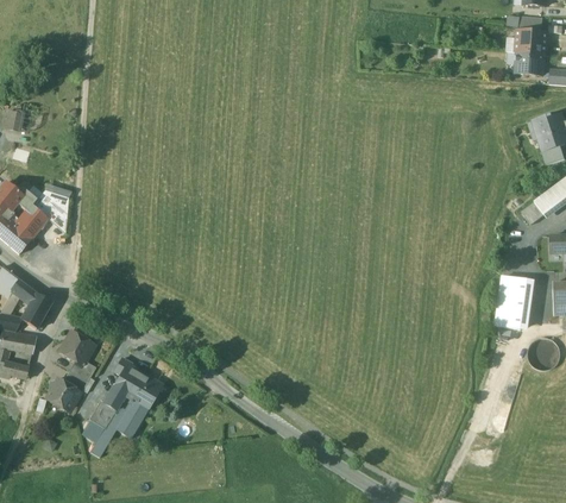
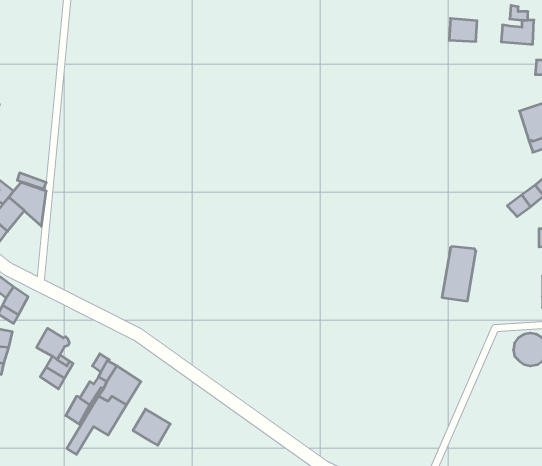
building: [516,51,543,74] -> [449,18,477,41]
building: [495,275,528,328] -> [442,247,476,301]
building: [46,377,77,408] -> none
building: none -> [133,409,170,445]

